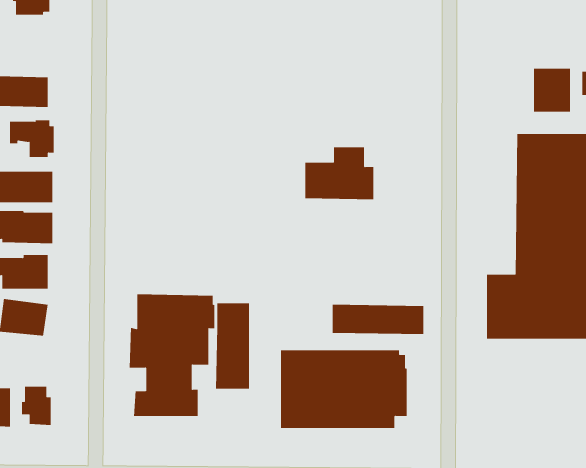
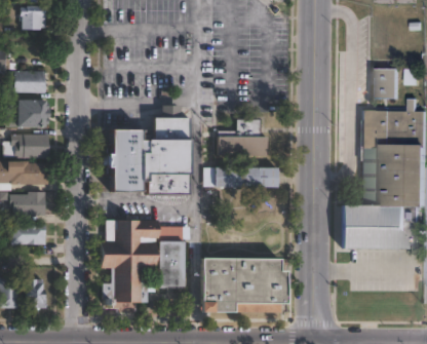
building: none -> [104,106,189,194]
building: [332,304,424,335] -> [215,166,277,187]

